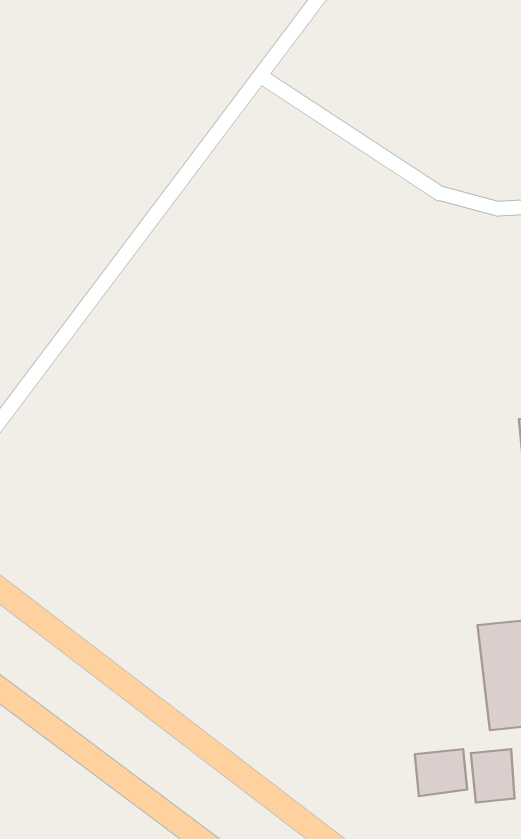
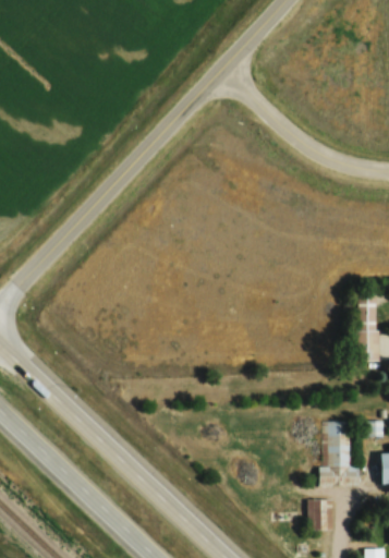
building: [415,749,467,796] -> none

